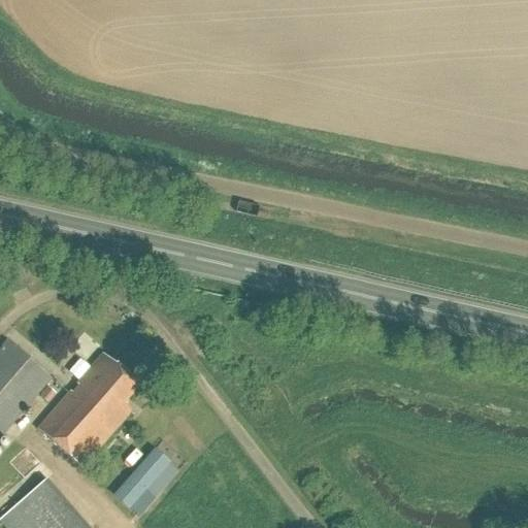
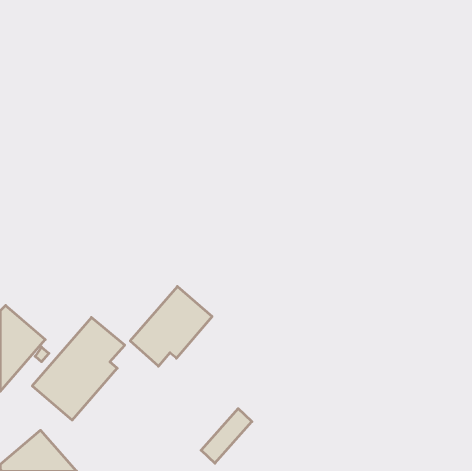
building: none -> [130,286,212,366]
building: [112,450,169,510] -> [201,409,252,463]

